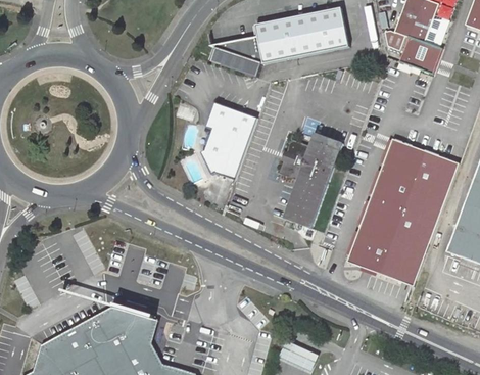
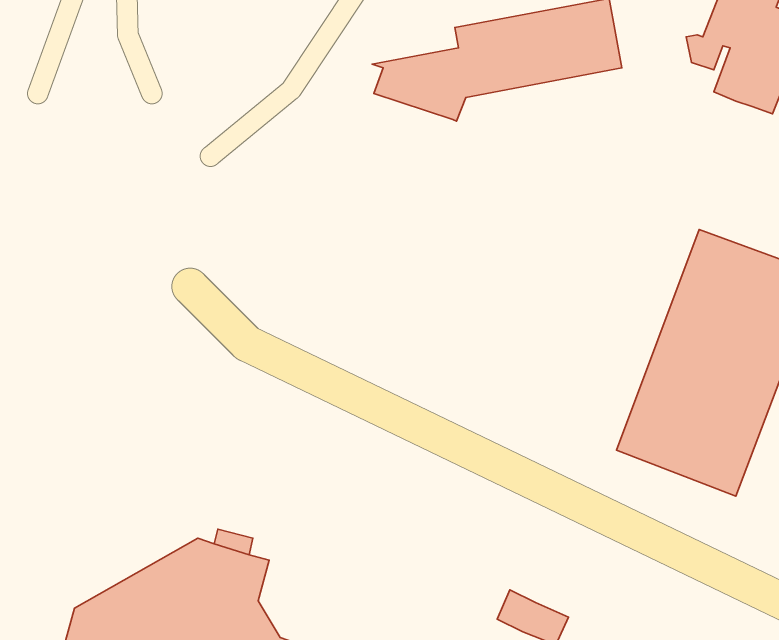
building: [200,102,256,179] -> none
building: [280,133,342,227] -> none

